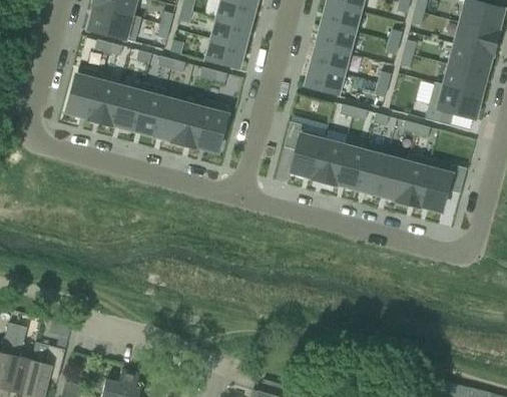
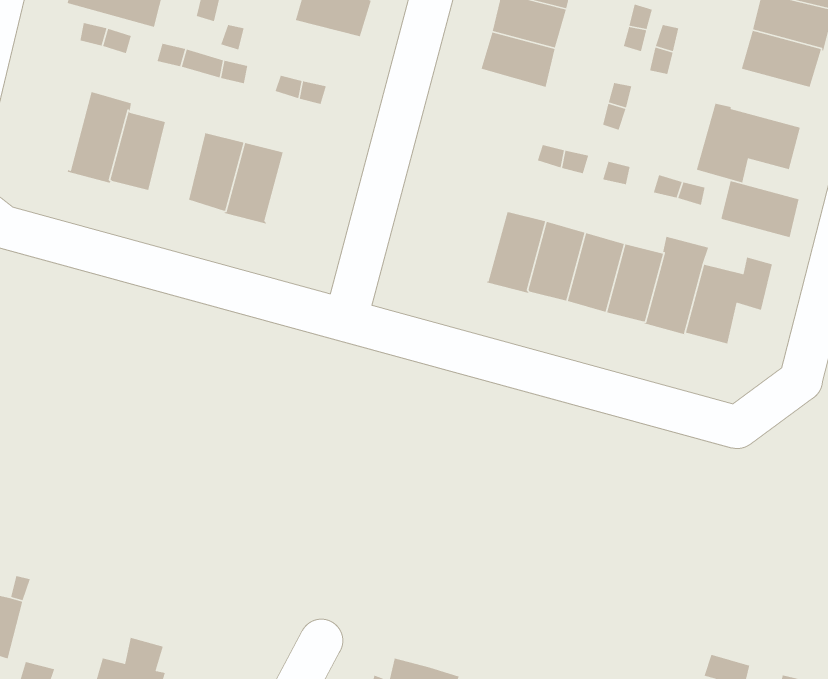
building: [205,38,245,69] -> none
building: [304,64,345,96] -> none
building: [444,64,486,95] -> [721,180,800,238]
building: [67,66,103,118] -> none
building: [132,82,166,134] -> none
building: [194,99,230,151] -> none
building: [284,121,326,177] -> none

